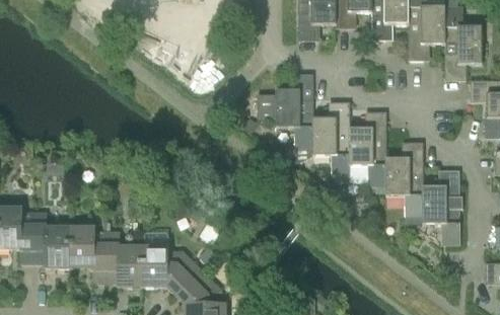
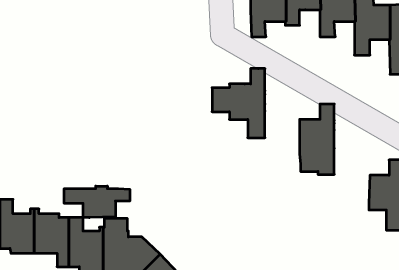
building: [312,101,350,175] -> none
building: [385,142,423,216] -> none
building: none -> [64,186,130,218]

